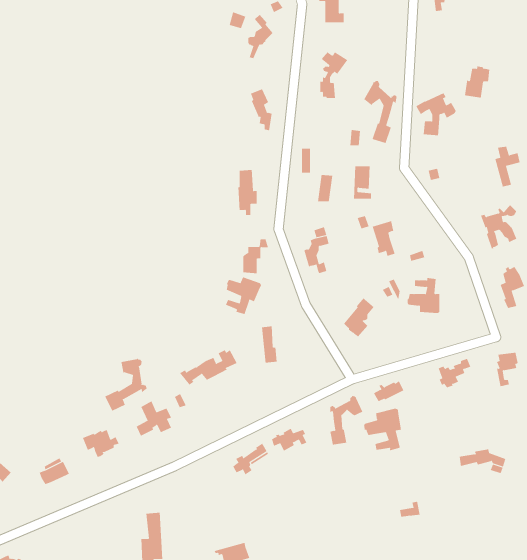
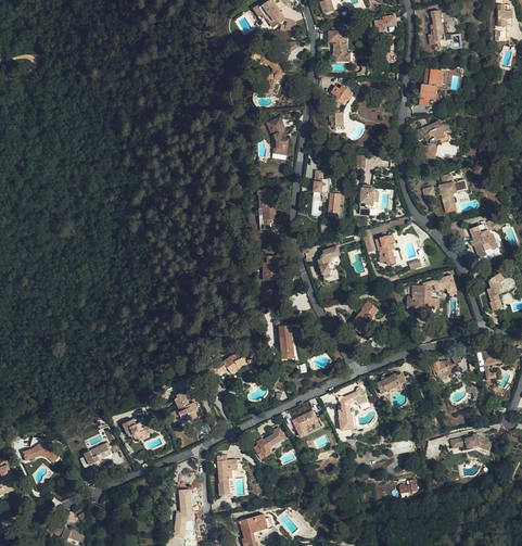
building: [464,66,490,98] -> [420,72,443,100]
building: [364,80,397,144] -> none
building: [495,146,521,187] -> [441,176,463,212]
building: [225,277,262,315] -> none
building: [104,358,147,412] -> none
building: [364,408,402,451] -> none
building: none -> [217,456,238,495]

